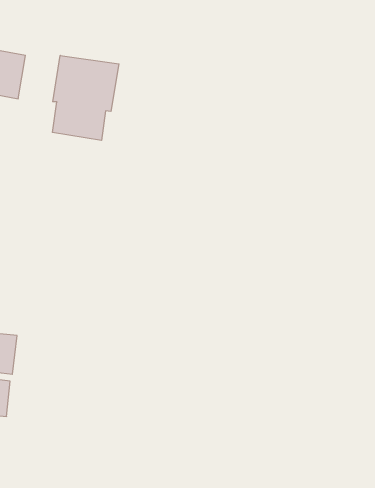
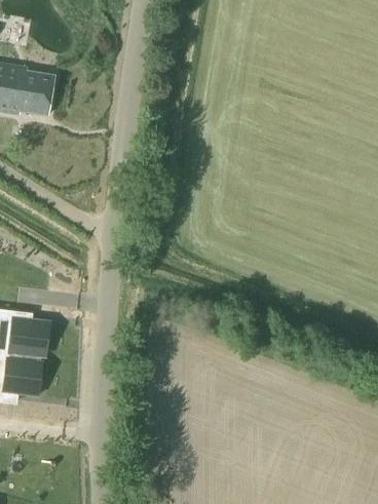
building: [52,55,119,140] -> none

